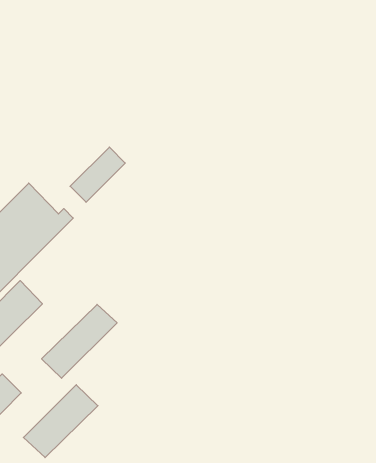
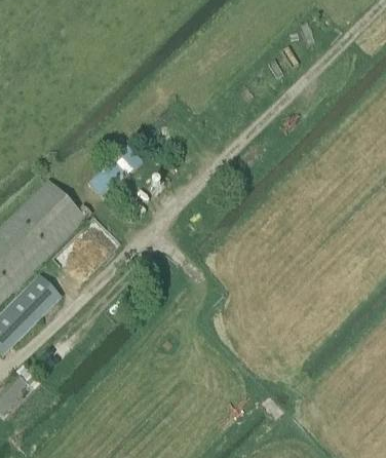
building: [42,304,117,378] -> none
building: [23,385,98,458] -> none

